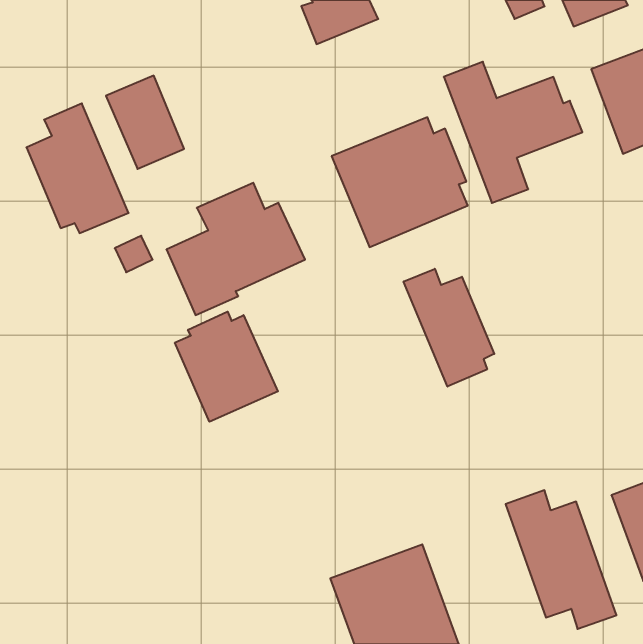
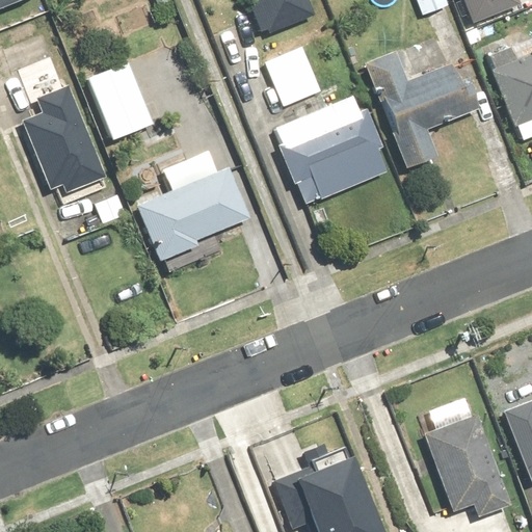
building: none -> [266,46,323,109]
building: [404,269,494,387] -> none
building: [175,312,278,422] -> none

